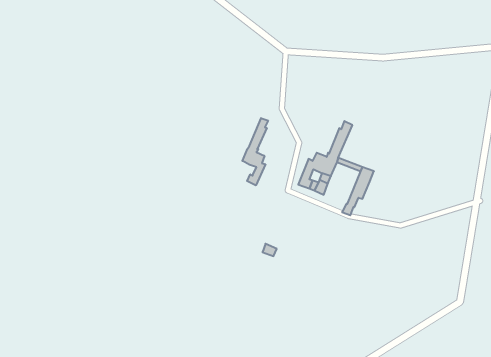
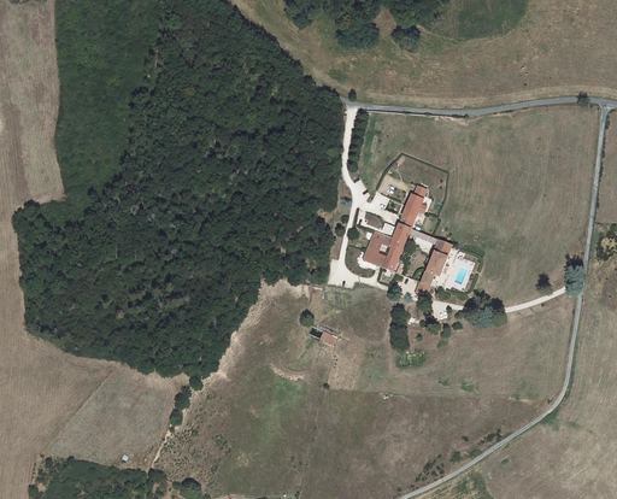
building: [242,118,268,185] -> none

